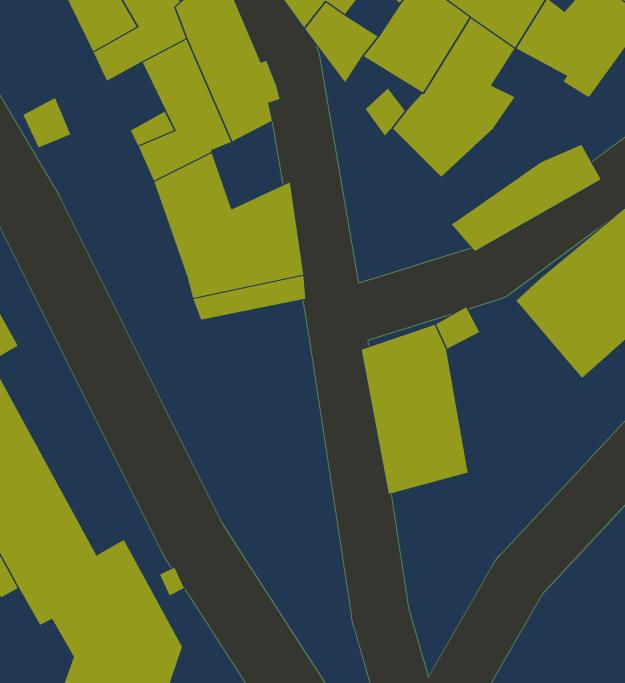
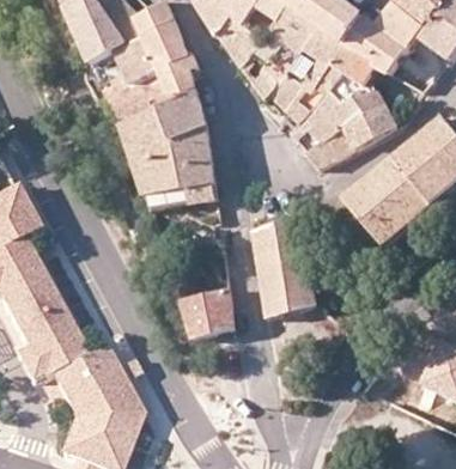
building: none -> [288,44,385,150]
building: none -> [159,89,207,142]
building: none -> [181,288,235,339]

